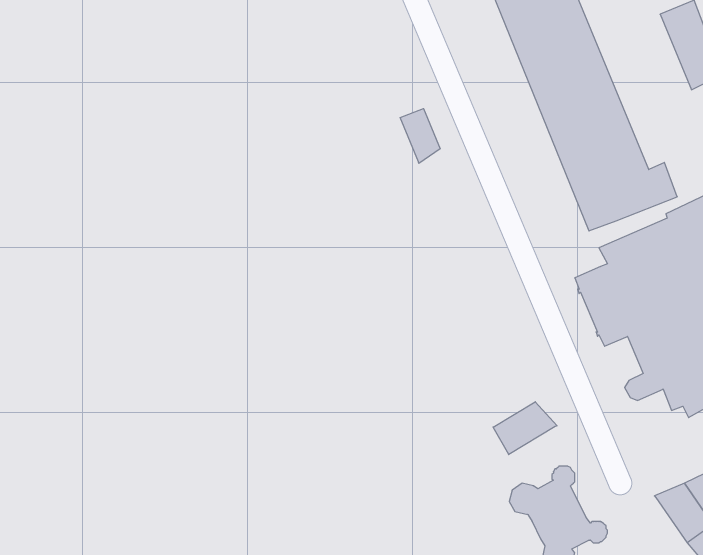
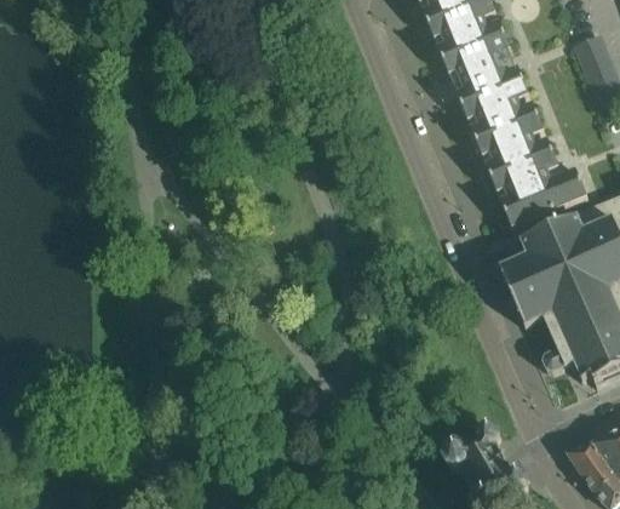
building: [400,109,440,163] -> none
building: [493,402,557,455] -> none

